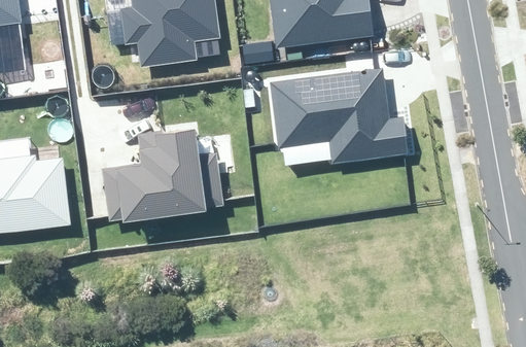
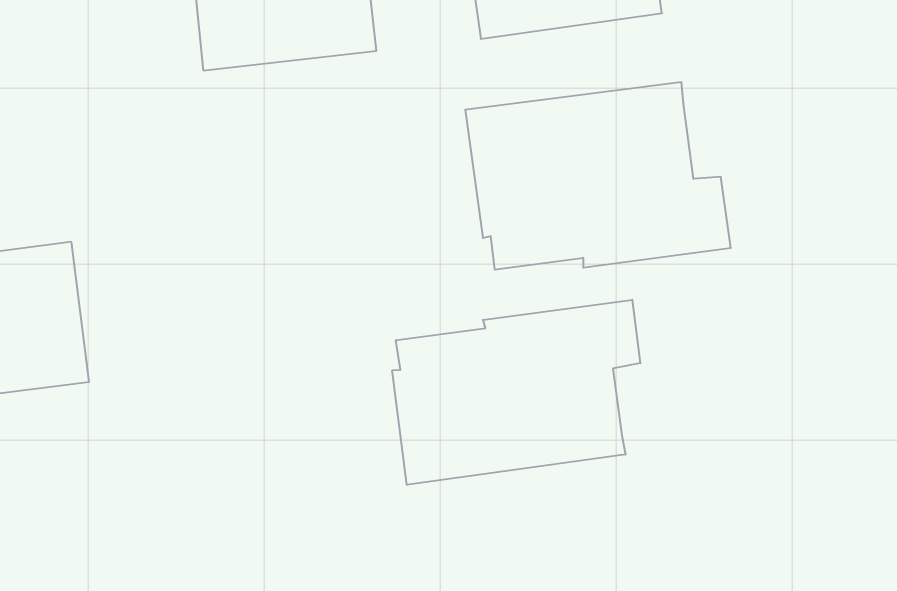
building: [99,137,213,220] -> none
building: none -> [392,300,640,485]

